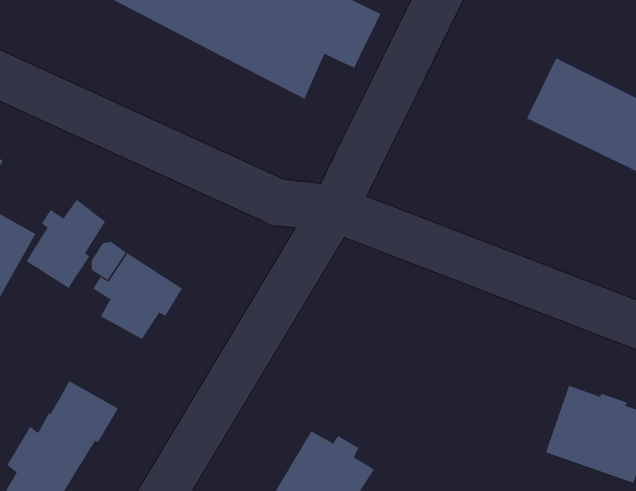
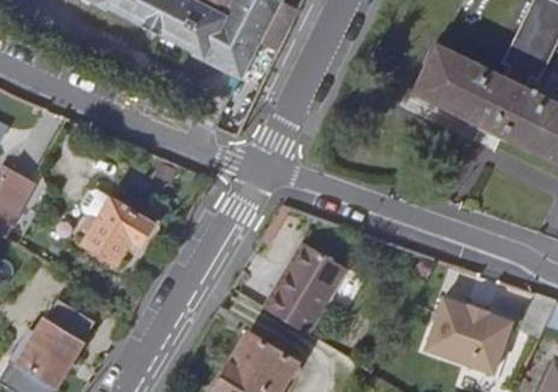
building: [26,199,106,289] -> none
building: none -> [263,244,345,334]

